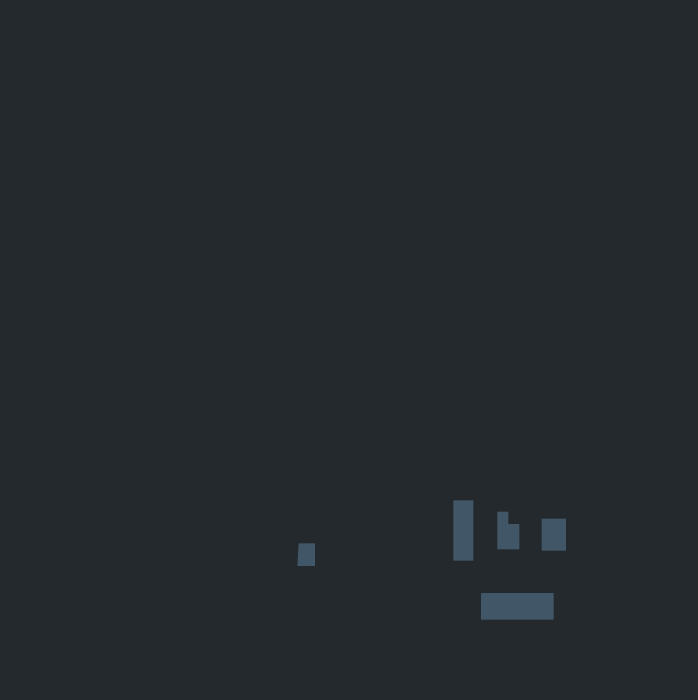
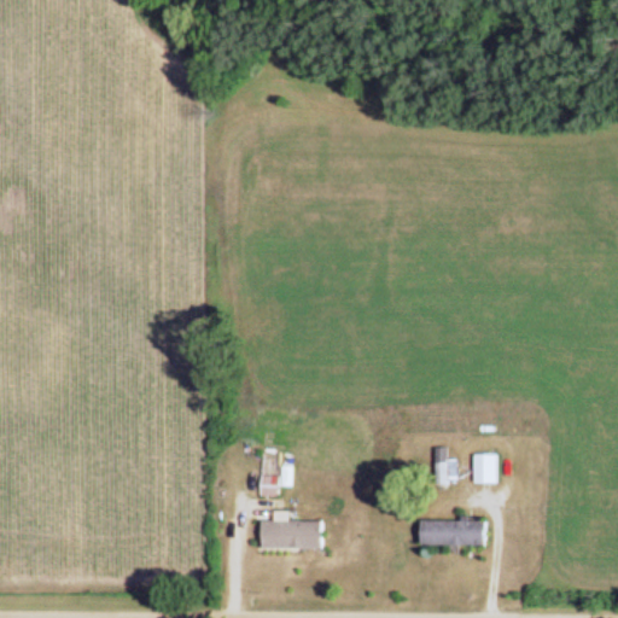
building: [453,499,474,562] -> none
building: none -> [261,520,321,549]

